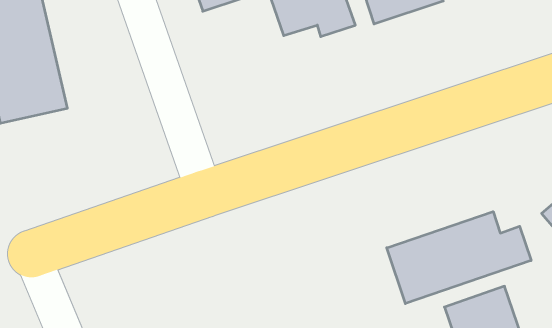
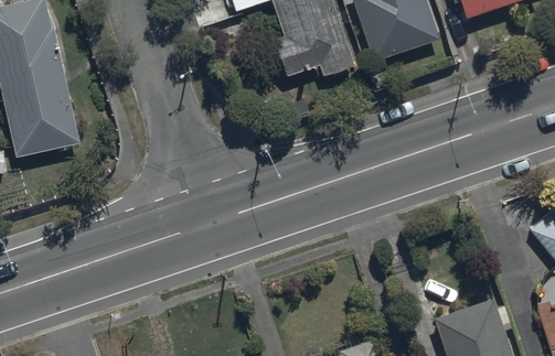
building: [387,212,531,304] -> none

